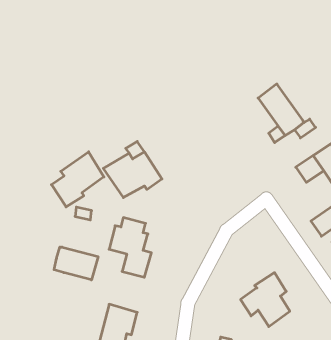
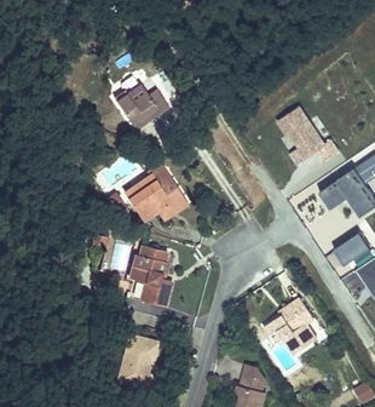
building: none -> [114,84,168,124]
building: [51,152,104,207] -> none
building: [54,247,98,280] -> none

